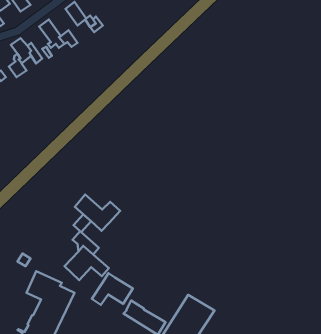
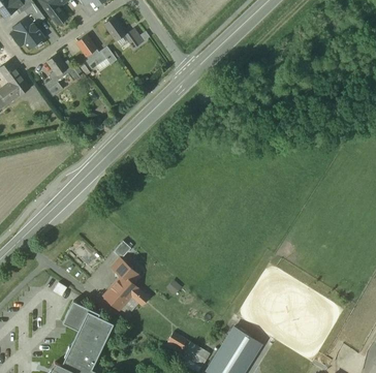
building: [75,195,120,231] -> none
building: [92,273,133,305] -> none

